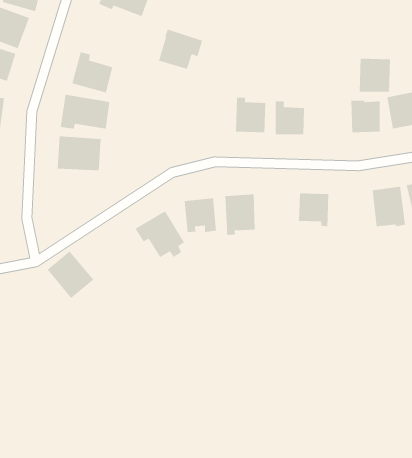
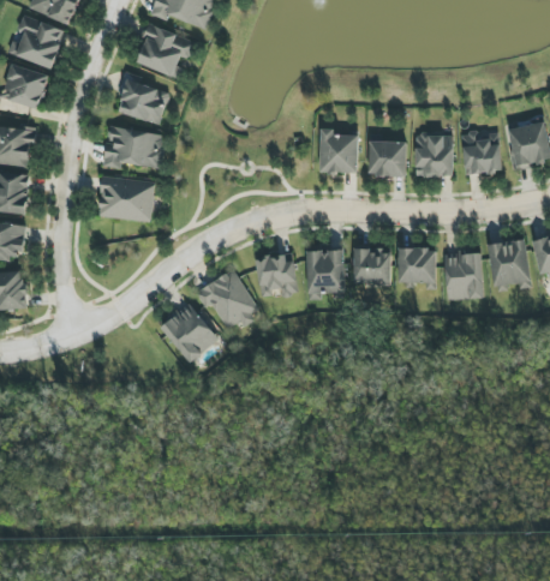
building: [158,29,203,69] -> [137,24,192,74]
building: [359,58,391,92] -> [414,134,454,176]
building: none -> [353,247,391,282]
building: none -> [444,252,483,299]
building: [47,250,94,299] -> [160,303,219,363]

